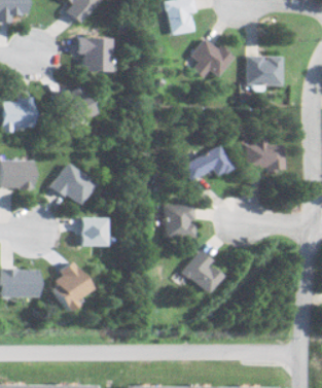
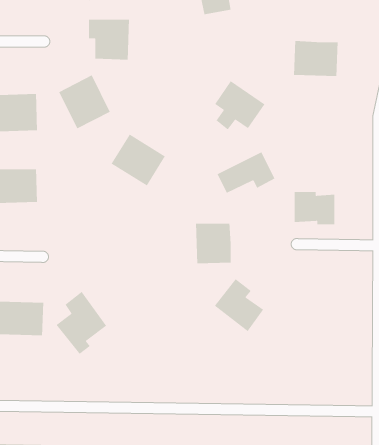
building: [190,37,232,78] -> [214,80,266,130]
building: [242,142,276,170] -> [294,191,335,225]
building: [49,163,95,206] -> [111,134,166,186]
building: [78,217,105,246] -> none

